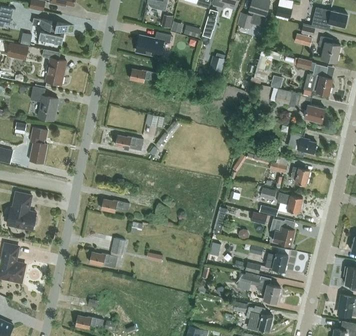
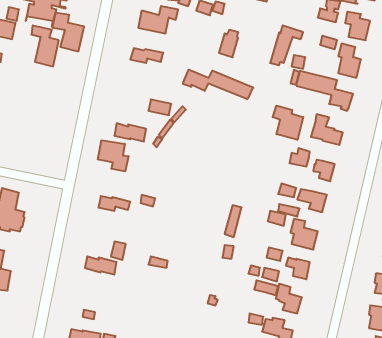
building: [30,87,58,121] -> [52,13,84,51]
building: none -> [183,70,253,99]
building: none -> [273,106,303,140]
building: [29,128,47,164] -> none
building: none -> [98,140,128,171]

